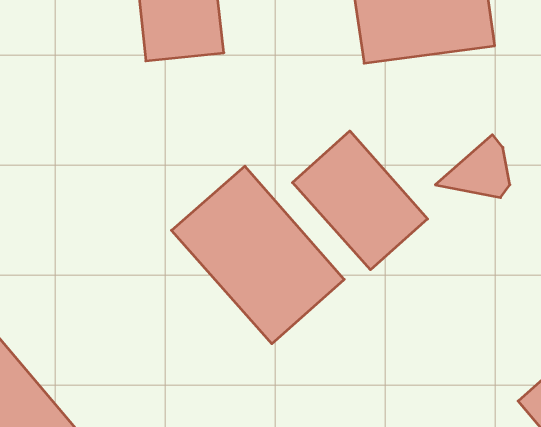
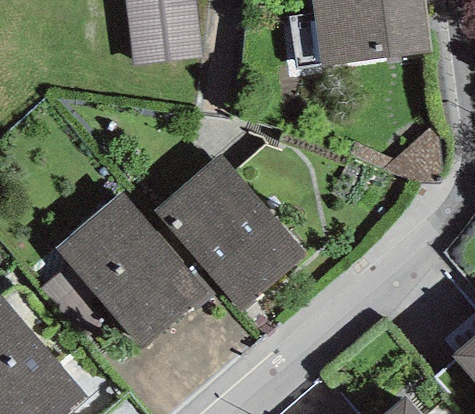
building: [292,131,428,270] -> none
building: none -> [55,191,207,349]

